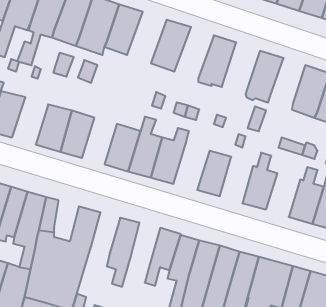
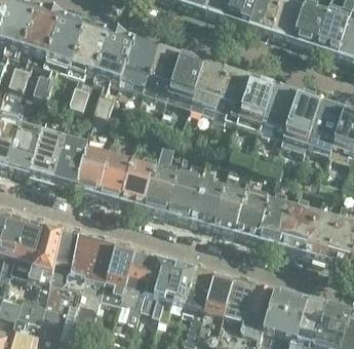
building: none -> [143,46,182,98]
building: none -> [190,62,229,113]
building: none -> [237,77,275,128]
building: none -> [285,92,320,144]
building: none -> [28,131,64,179]
building: none -> [97,152,132,198]
building: none -> [189,165,225,224]
building: none -> [235,191,270,237]
building: none -> [281,194,315,250]
building: none -> [70,234,94,275]
building: none -> [107,246,135,296]
building: none -> [146,257,175,316]

